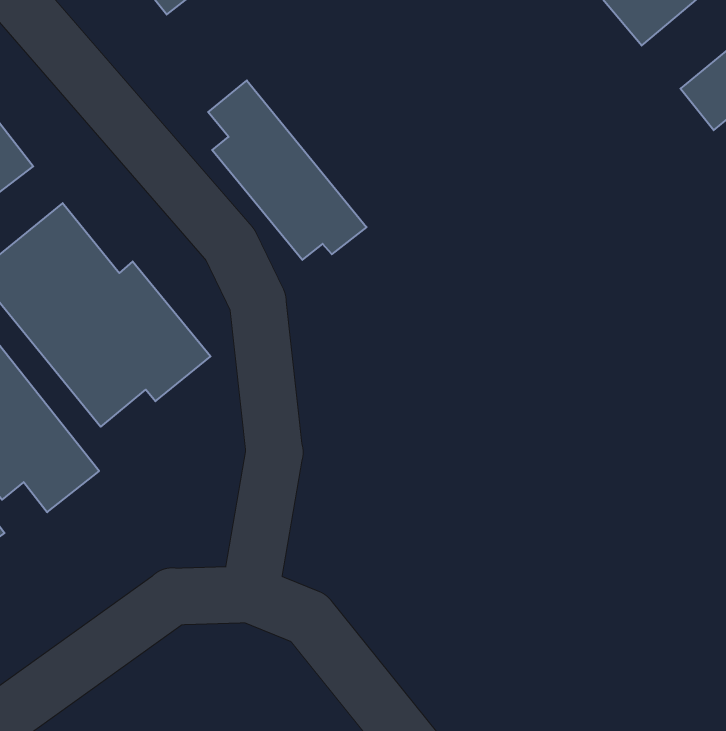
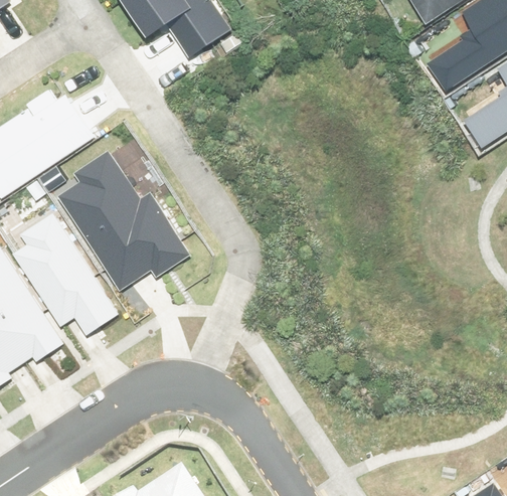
building: [208,80,367,260] -> none

